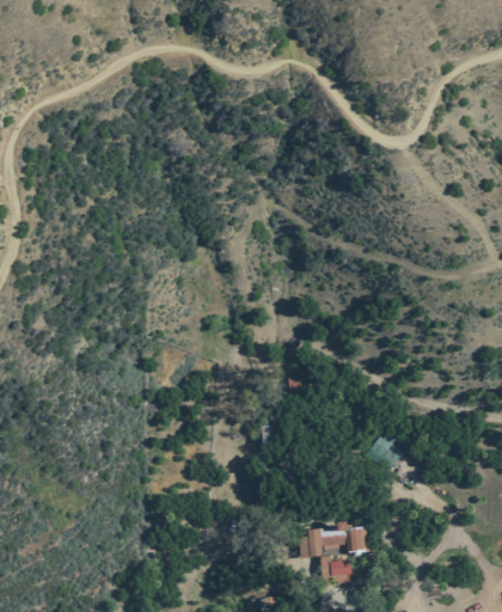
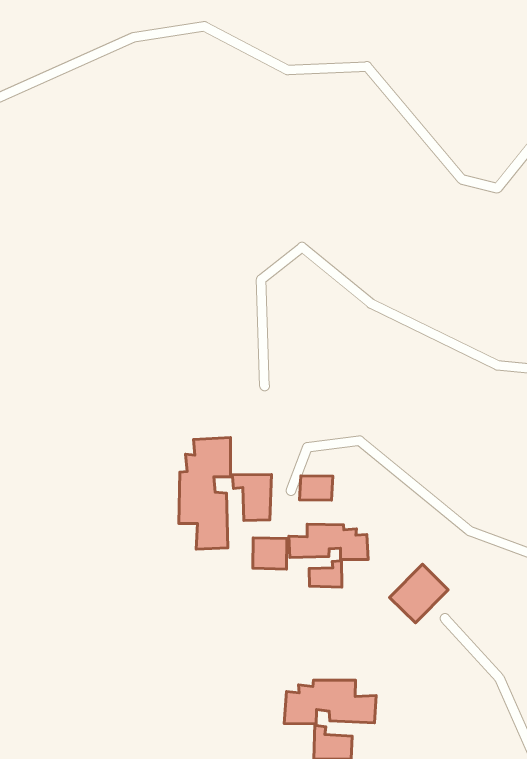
building: none -> [179,438,271,549]
building: none -> [289,524,368,587]

